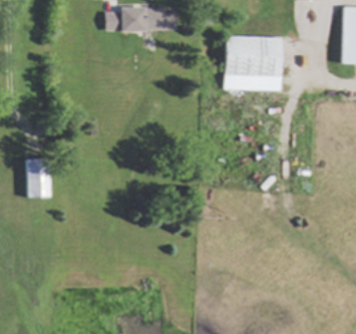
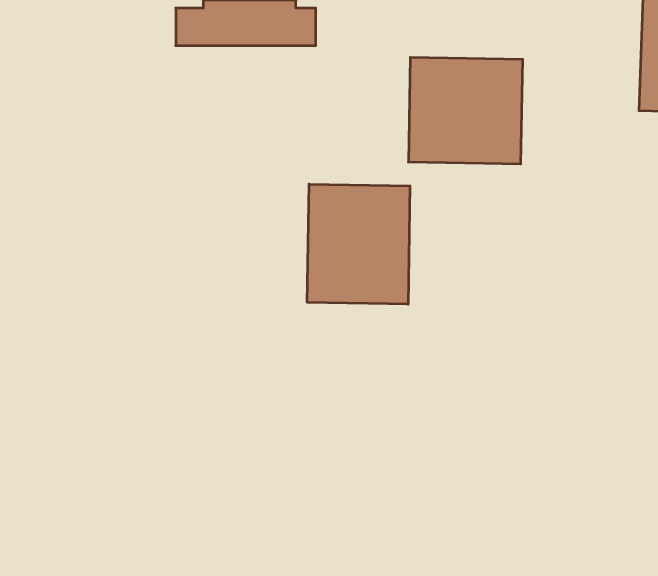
building: none -> [307,184,410,304]
building: [26,158,50,198] -> none

